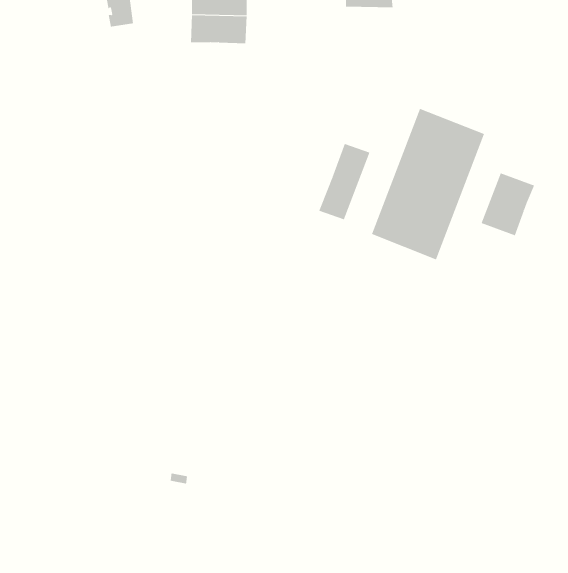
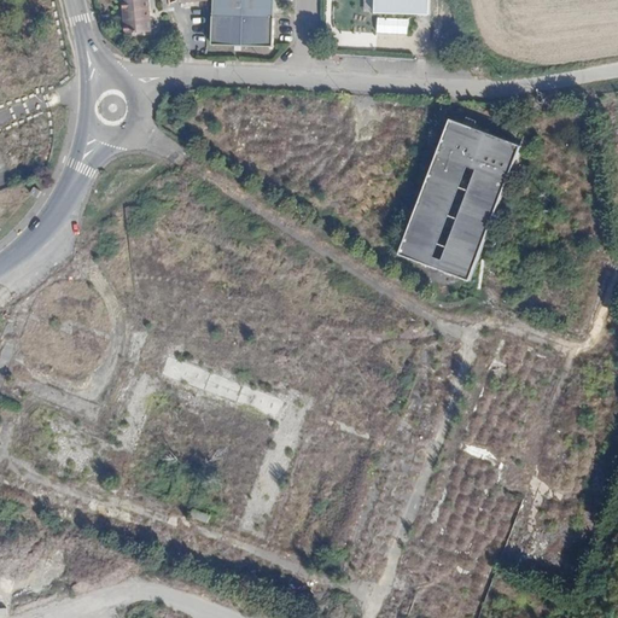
building: [318,143,370,220] -> none
building: [481,172,535,236] -> none

